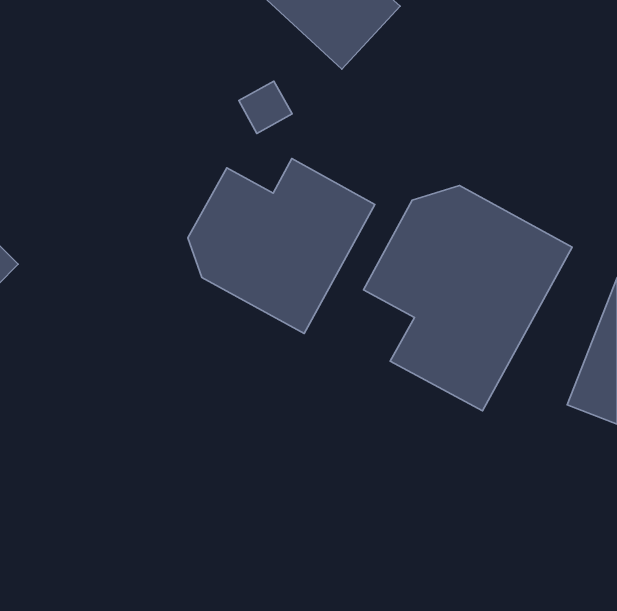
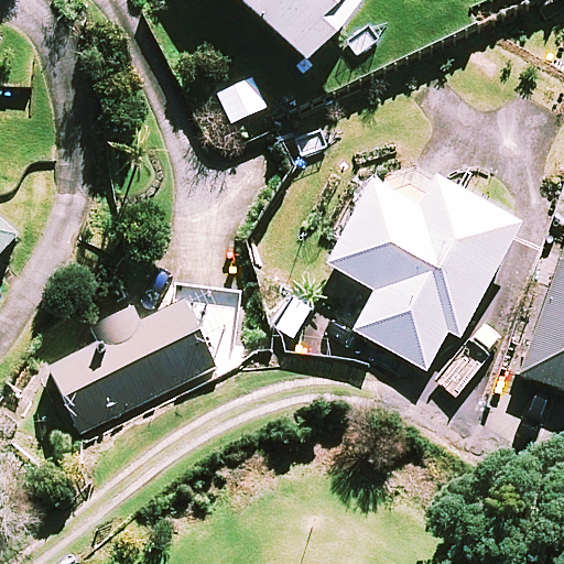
building: [188,158,375,334] -> none
building: none -> [50,300,216,430]

